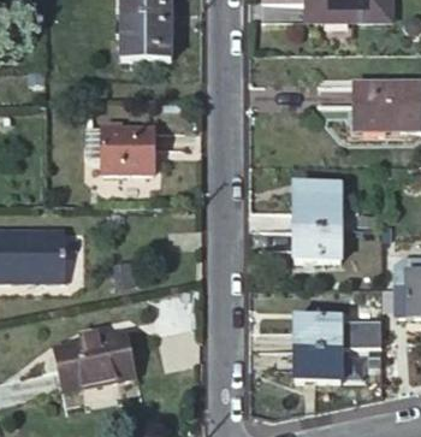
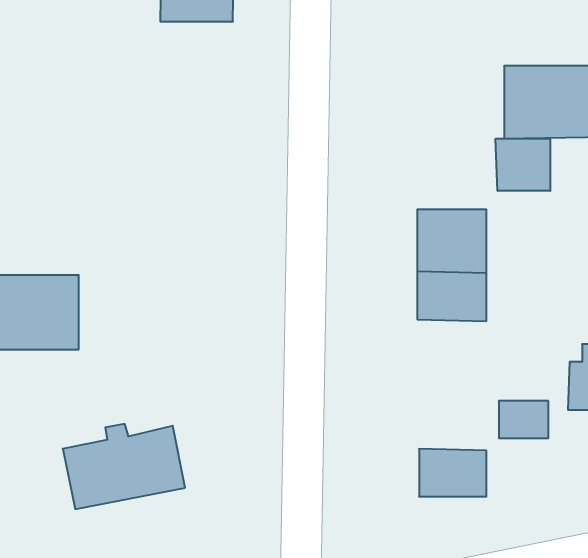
building: [88,125,155,171] -> none
building: none -> [496,139,550,191]
building: [295,318,342,349] -> none

